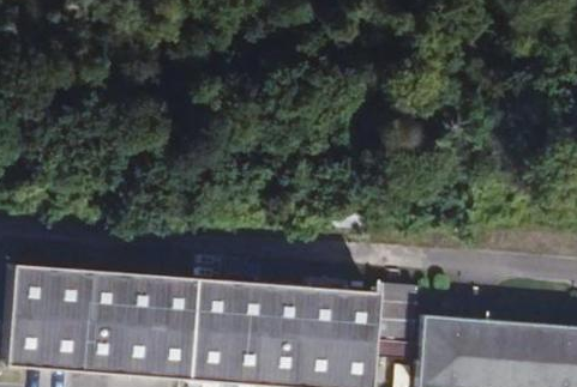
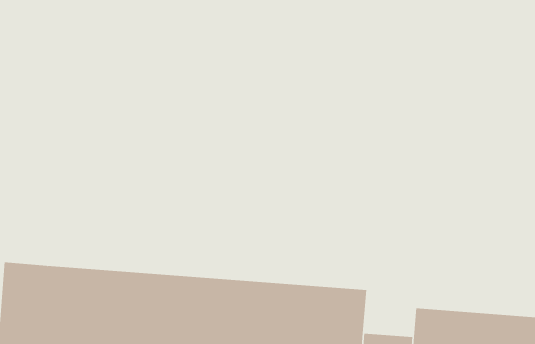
building: [374,284,419,339] -> none

